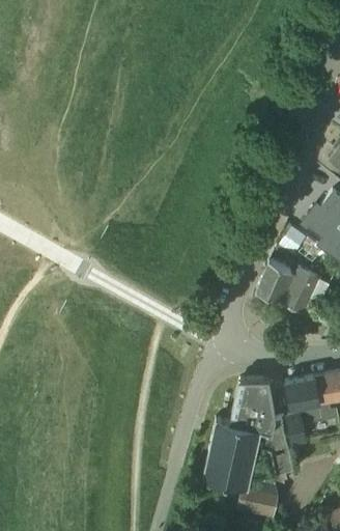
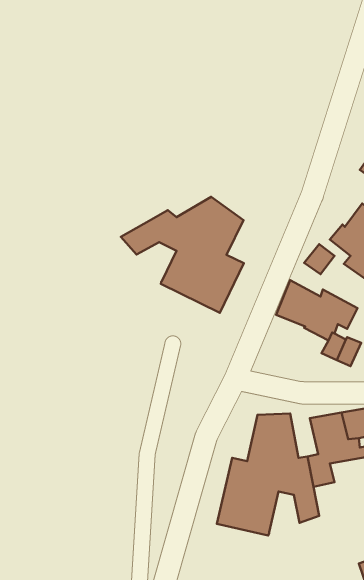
building: none -> [121,197,244,313]
building: [236,477,276,518] -> none

